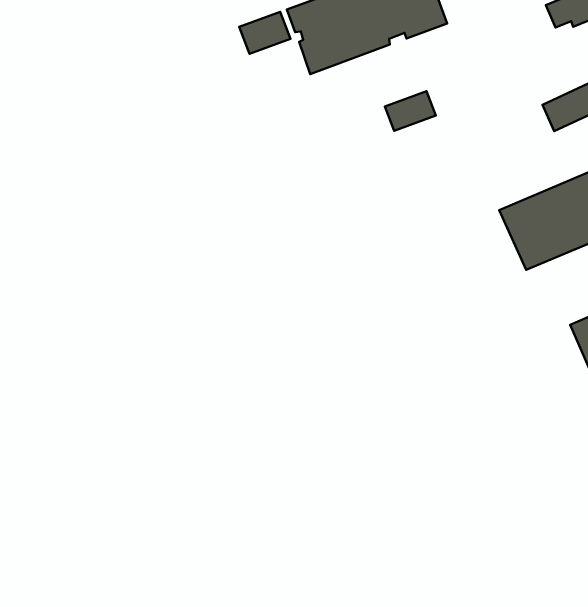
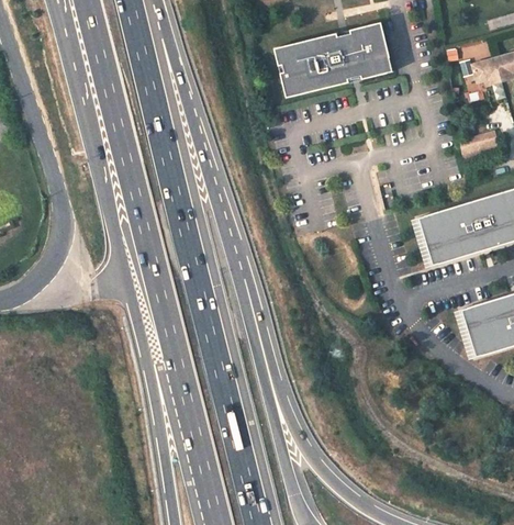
building: [239,12,291,54] -> none
building: [385,91,436,131] -> none

